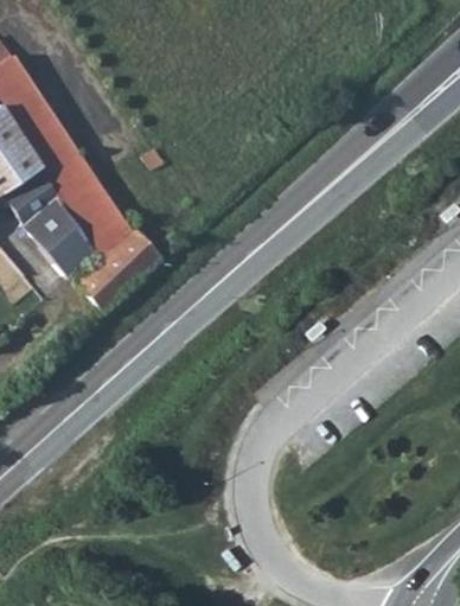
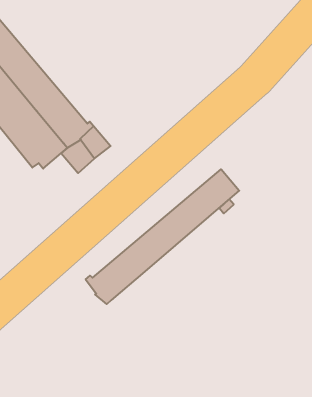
building: [83,257,129,305] -> none
building: none -> [86,169,239,304]

